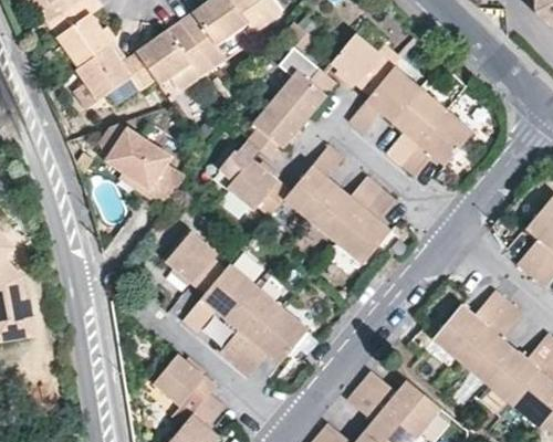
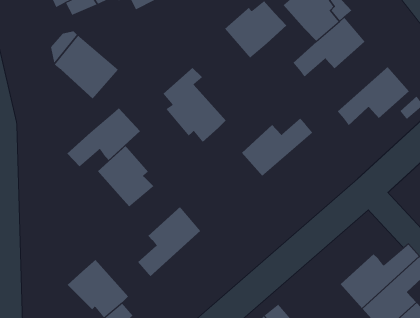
building: [386,87,447,164] -> none
building: [246,96,304,161] -> none
building: [283,145,343,221] -> none
building: [335,189,396,265] -> none
building: [182,264,255,332] -> [66,107,141,167]
building: [236,307,307,375] -> none

